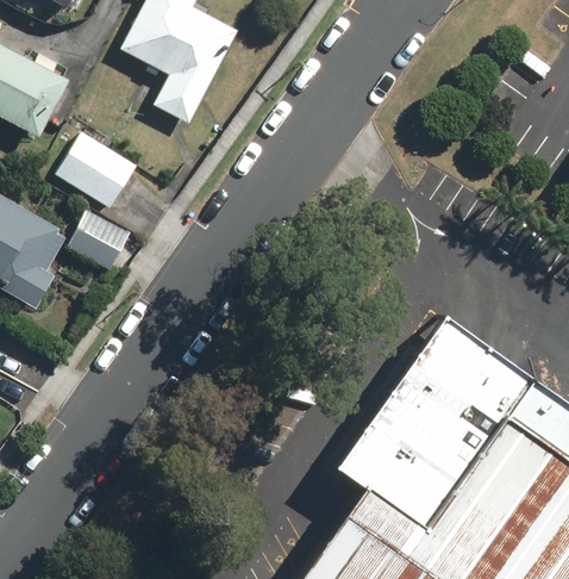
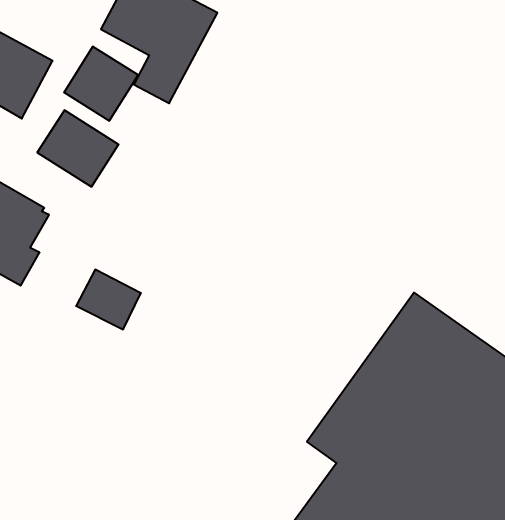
building: none -> [64,46,138,121]
building: [67,210,132,270] -> [76,270,141,329]

